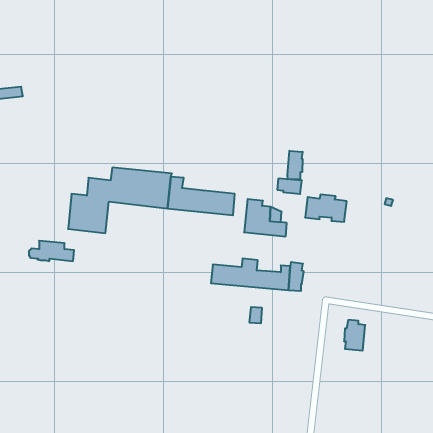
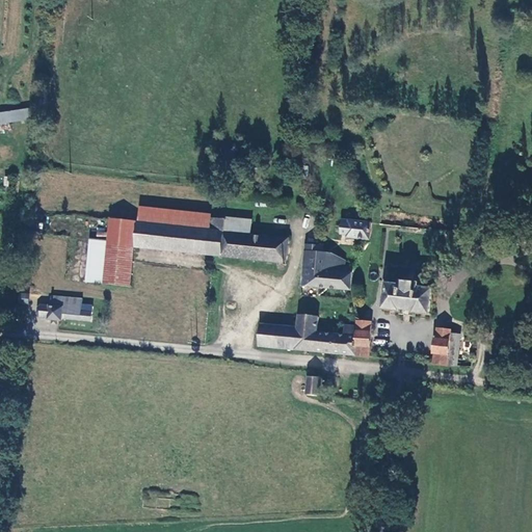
building: [288,151,303,179] -> none
building: none -> [222,215,250,233]
building: [305,195,347,222] -> [381,281,432,314]
building: [344,320,365,351] -> [431,327,457,365]

